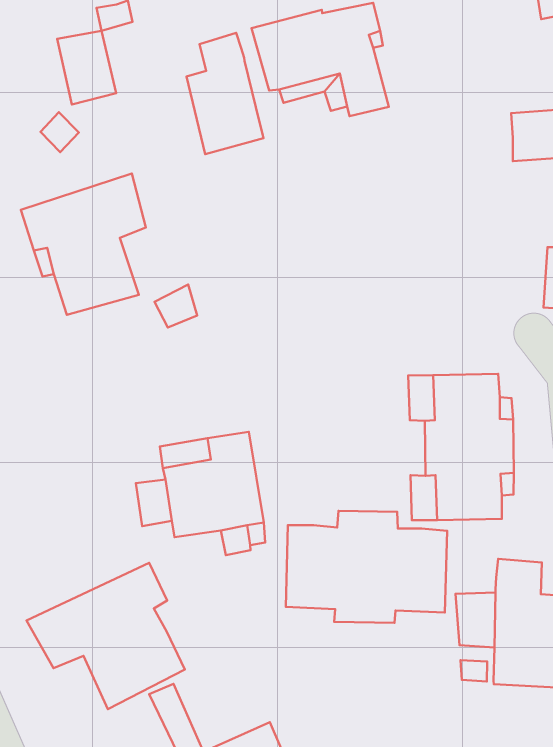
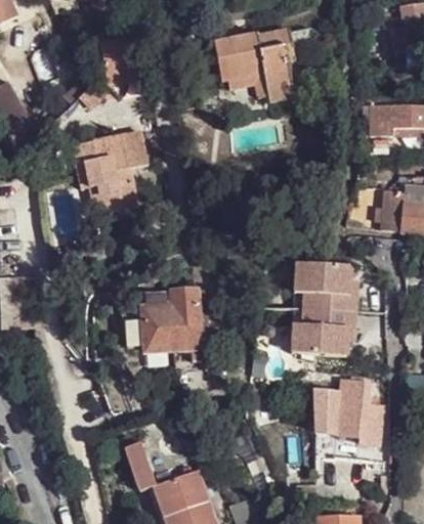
building: [186,33,263,154] -> none
building: [286,511,447,623] -> none
building: [27,563,185,709] -> none

